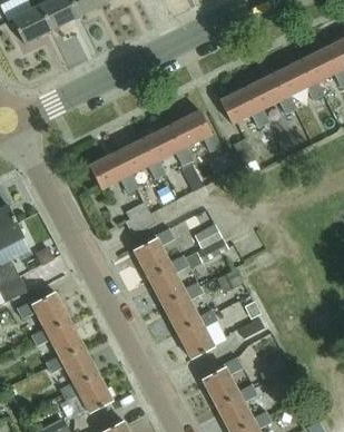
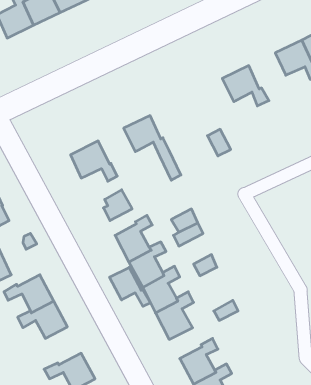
building: [275,58,324,99] -> none
building: [219,85,268,127] -> none
building: [171,110,219,151] -> none
building: [117,137,165,180] -> none
building: none -> [110,267,150,306]
building: [47,345,99,385] -> none

